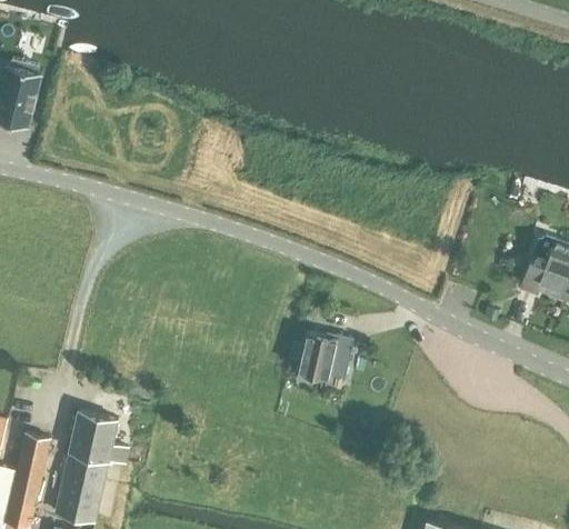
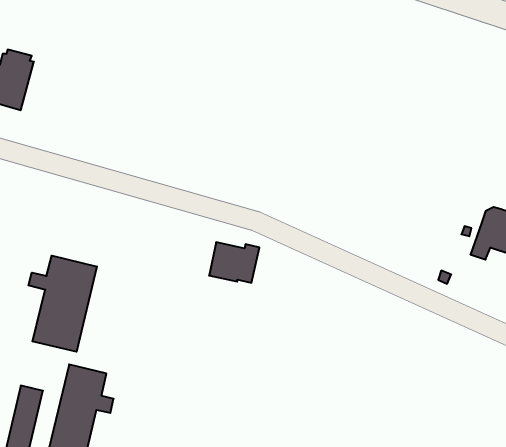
building: none -> [28,256,97,352]
building: [297,336,352,380] -> [209,242,259,283]

